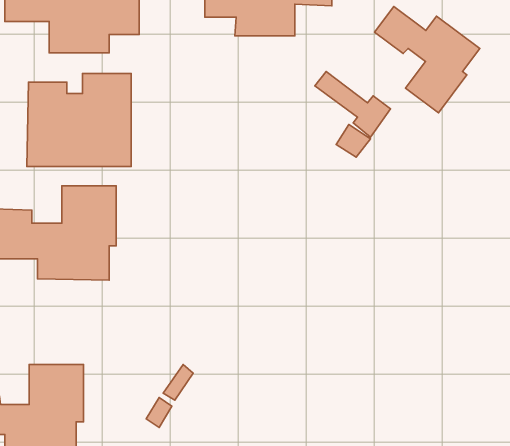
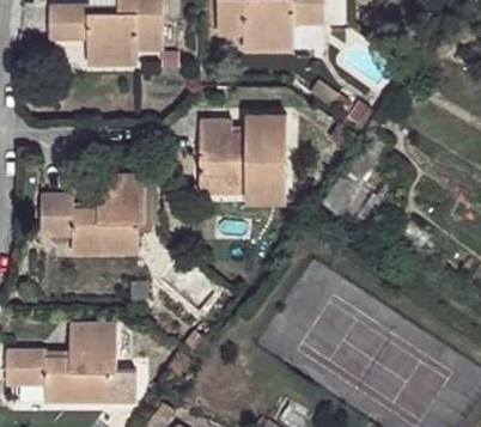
building: [375,6,480,113] -> none
building: [27,73,131,166] -> [197,114,285,191]

